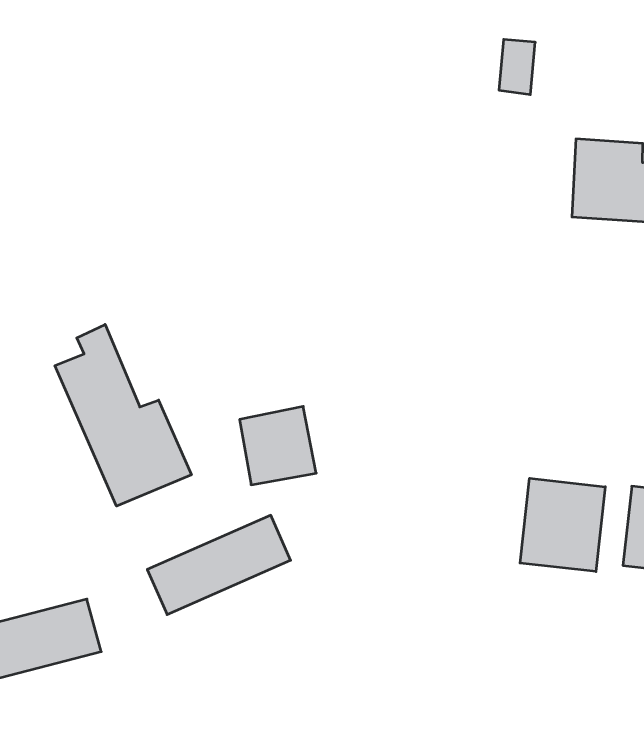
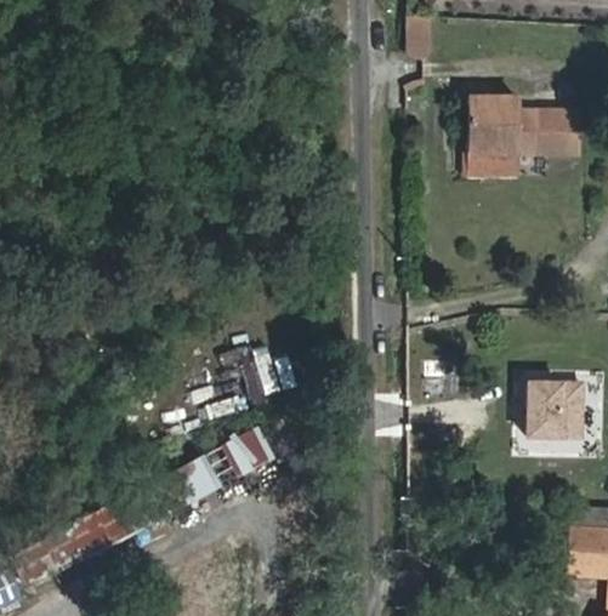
building: [55,324,191,506] -> none
building: [520,478,605,572] -> none

